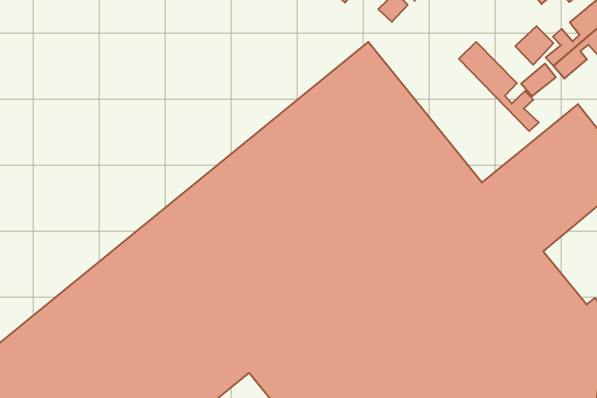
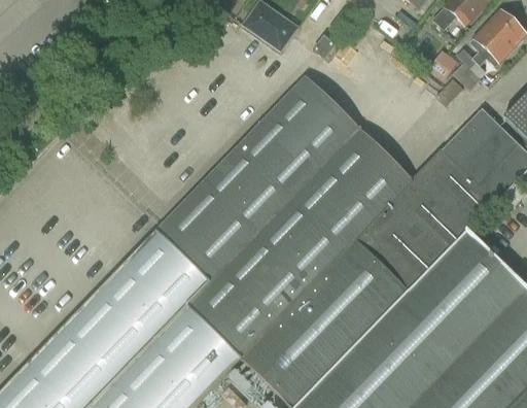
building: [459,42,539,131] -> none

